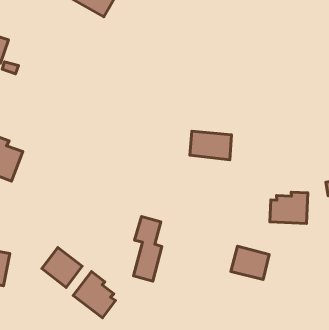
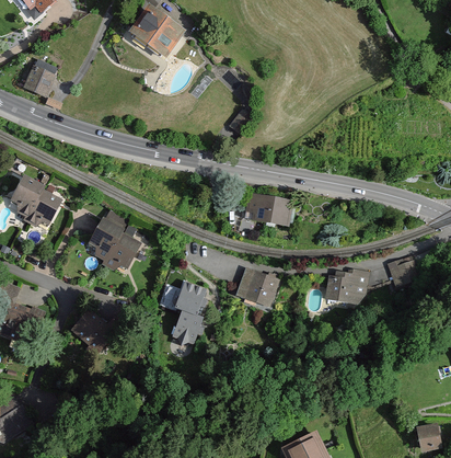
building: none -> [88,216,141,276]
building: [231,246,269,280] -> [236,267,280,307]
building: [73,272,115,318] -> none

